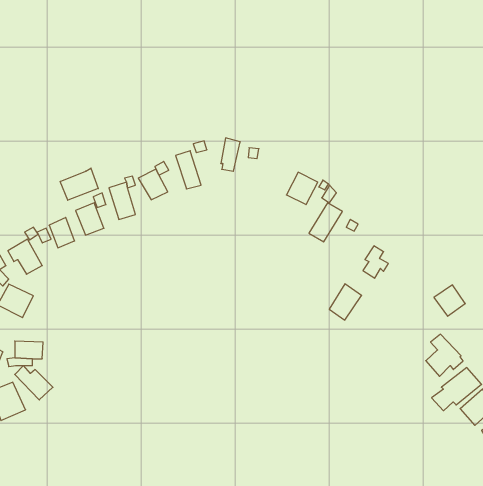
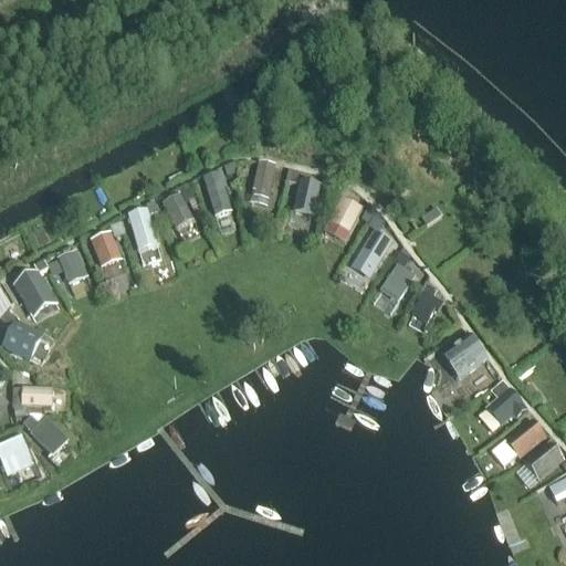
building: none -> [292,178,322,214]
building: [60,168,98,200] -> none
building: [329,284,362,320] -> [379,261,416,302]
building: [434,285,465,316] -> [449,336,484,371]

